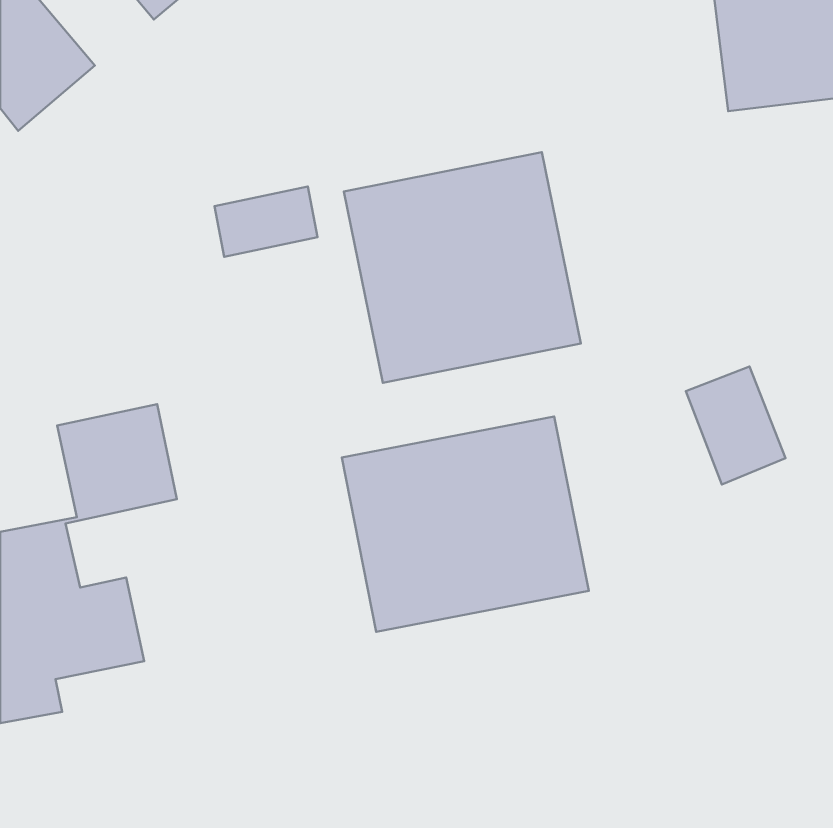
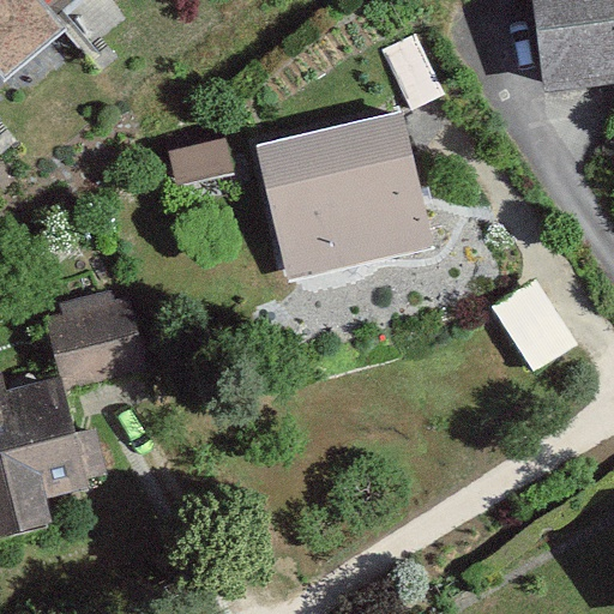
building: [342,416,589,632] -> none

